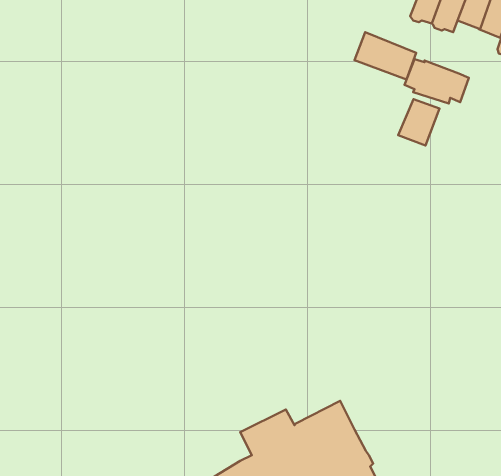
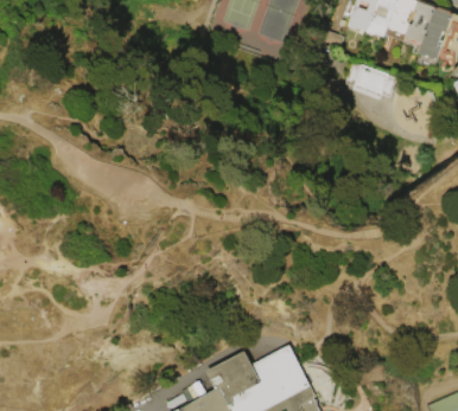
building: [354,32,416,80] -> none
building: [398,99,439,146] -> none

